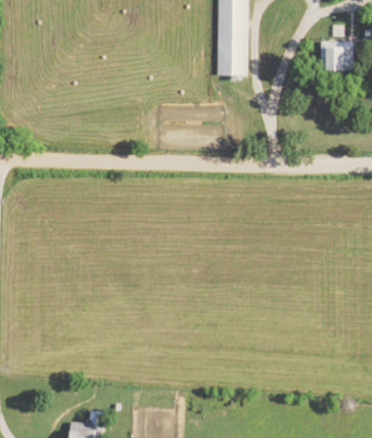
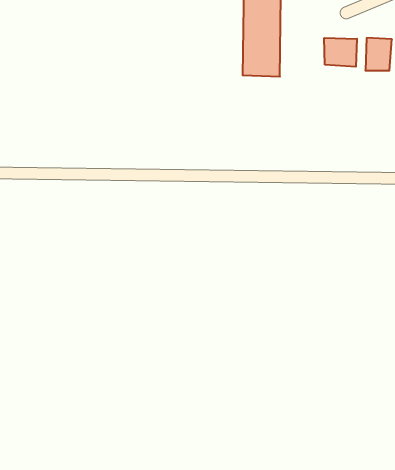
building: none -> [324,38,357,67]

